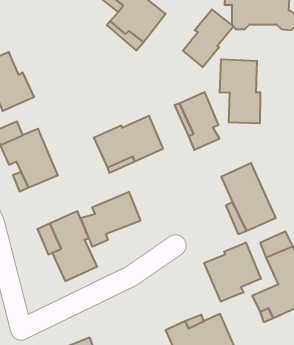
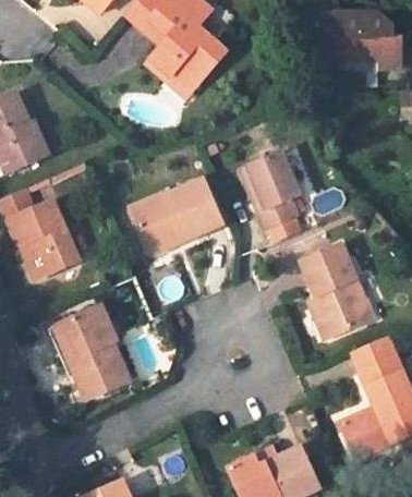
building: [183,9,234,67] -> none
building: [220,59,260,123] -> none
building: [81,192,140,247] -> none
building: [204,242,261,302] -> none

